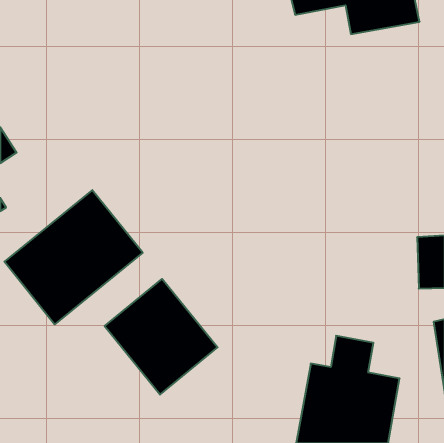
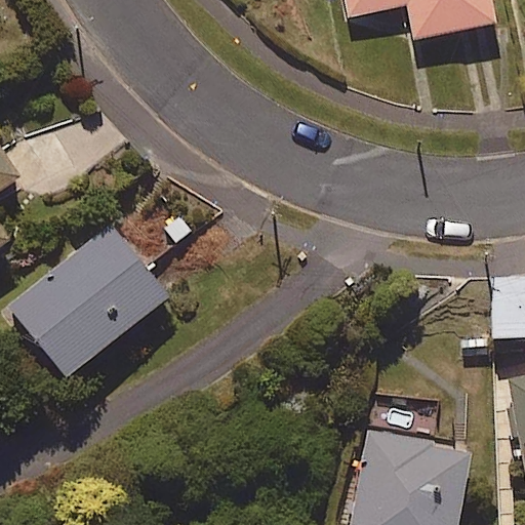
building: [105,279,218,395] -> none

